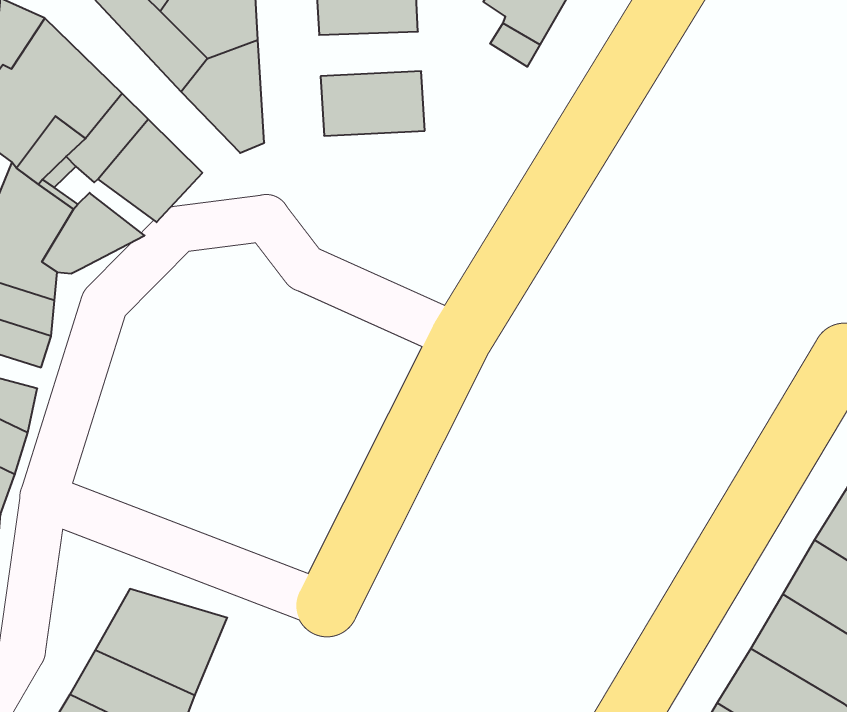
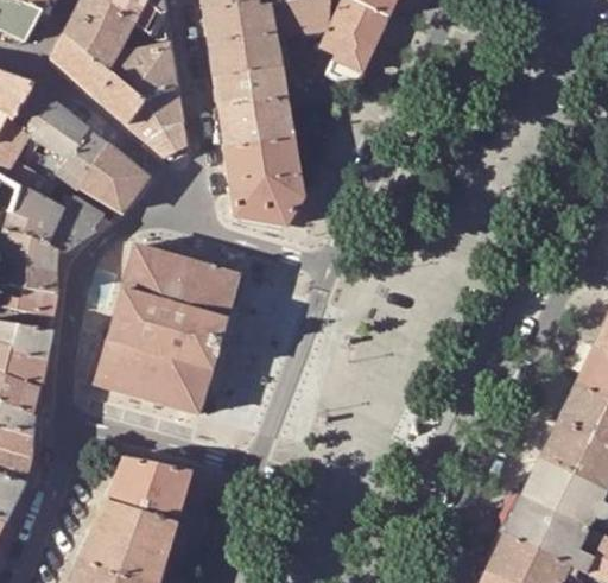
building: none -> [215,70,285,106]
building: none -> [224,135,302,226]
building: none -> [94,246,236,413]

